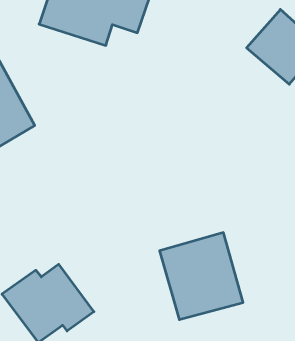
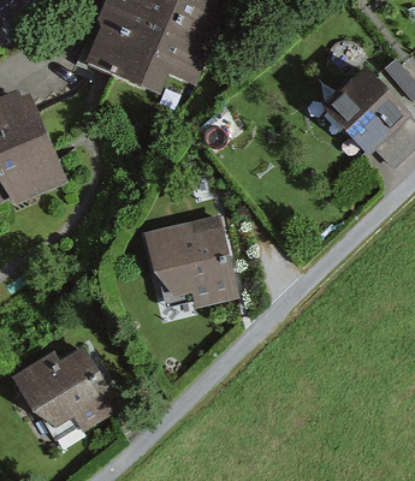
building: [160,233,243,320] -> [142,212,236,310]

